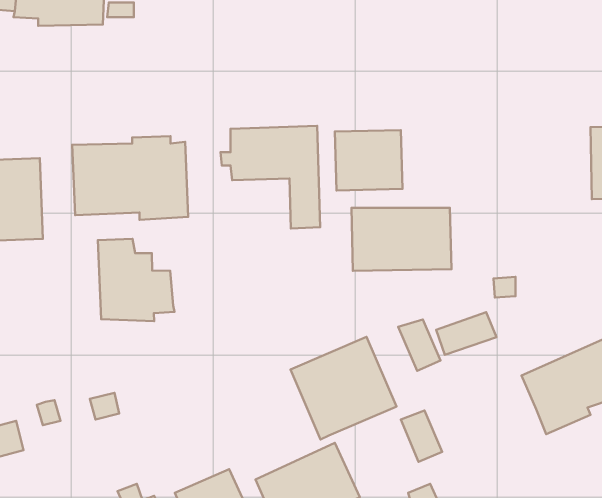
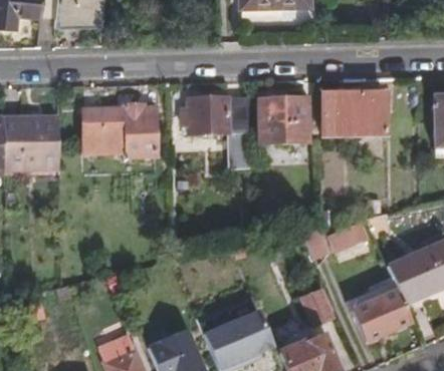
building: [352,208,451,271] -> [320,92,389,135]
building: [98,239,174,321] -> none
building: [290,337,397,439] -> none
building: none -> [350,288,411,340]

